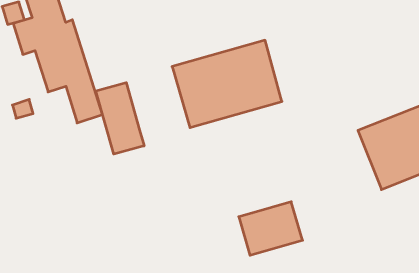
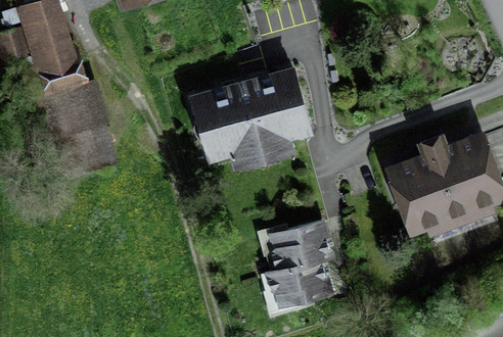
building: [96,83,144,154] -> none
building: none -> [267,212,333,261]

